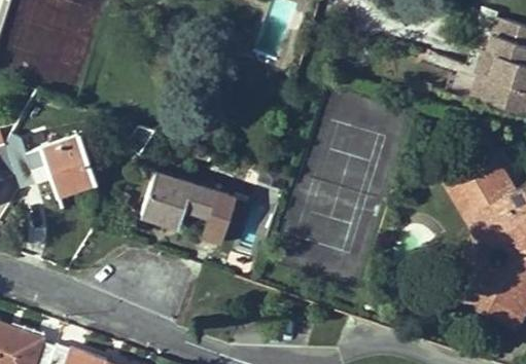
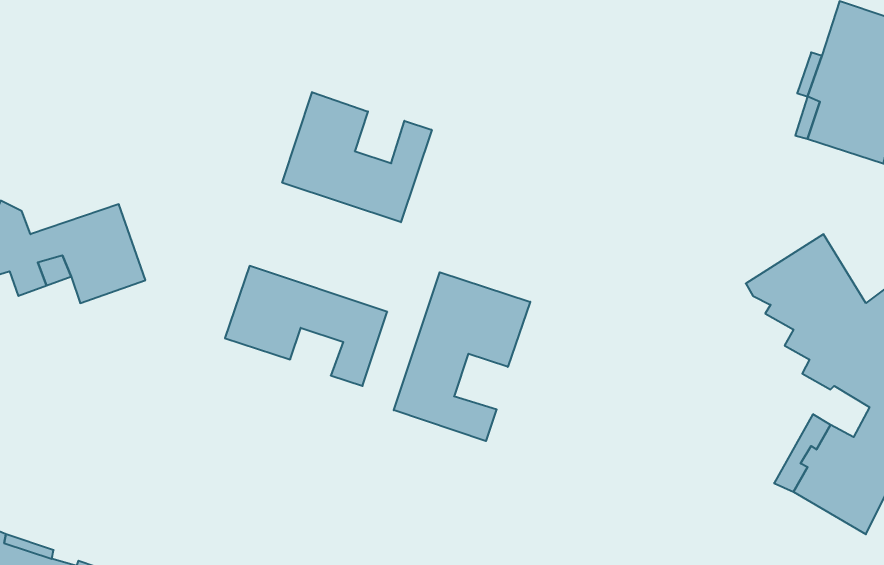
building: none -> [282,92,432,222]
building: none -> [394,272,530,441]

